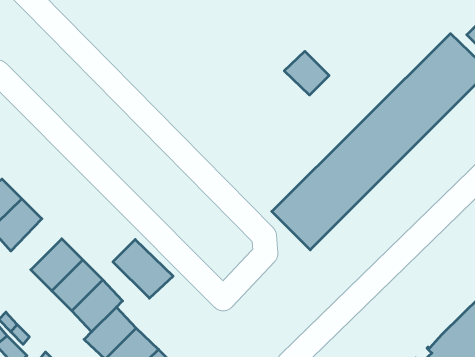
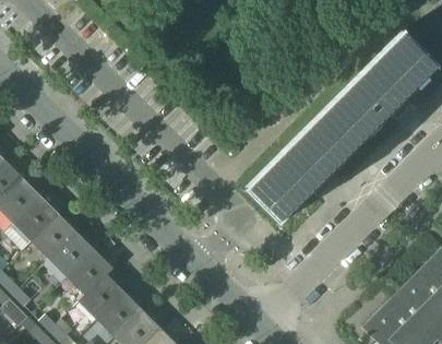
building: [284,51,329,95] -> none
building: none -> [14,197,59,241]
building: [113,239,173,298] -> none

